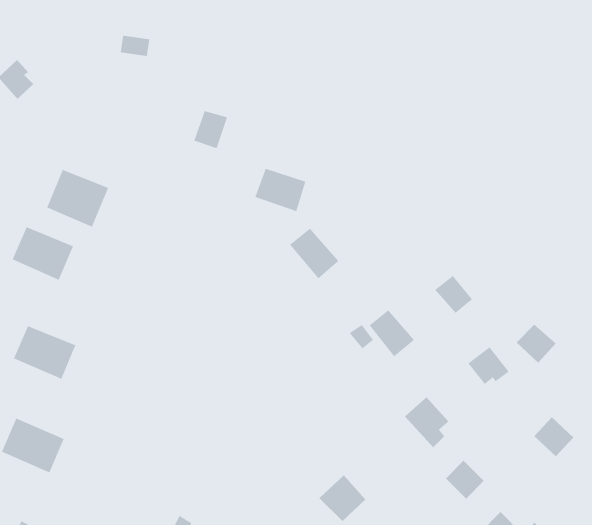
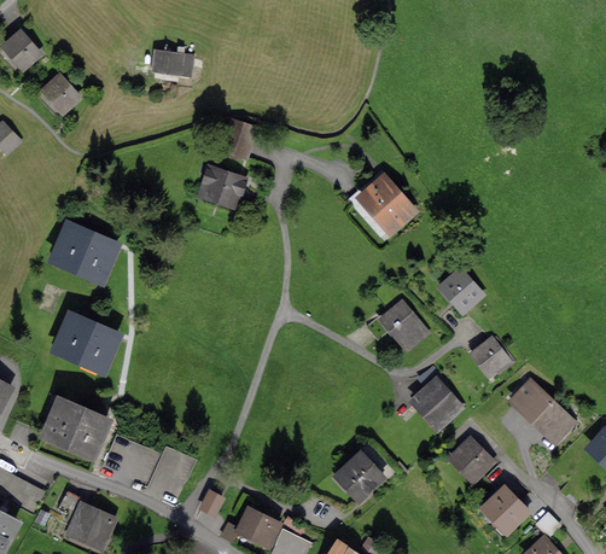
building: [255,168,306,212] -> [198,167,245,206]
building: [47,169,109,227] -> none
building: [289,228,339,279] -> [363,180,409,227]
building: [516,324,557,363] -> [513,383,550,419]

